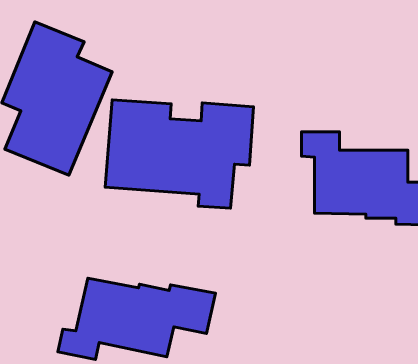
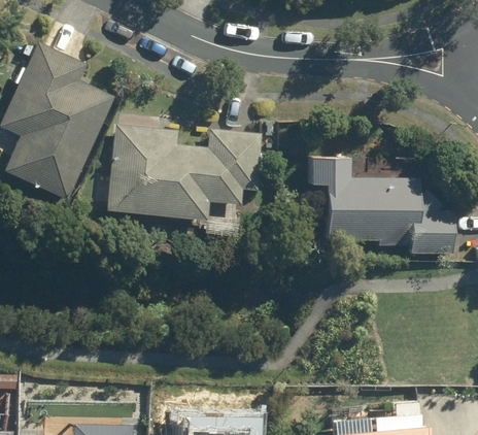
building: [58,278,216,360] -> none

